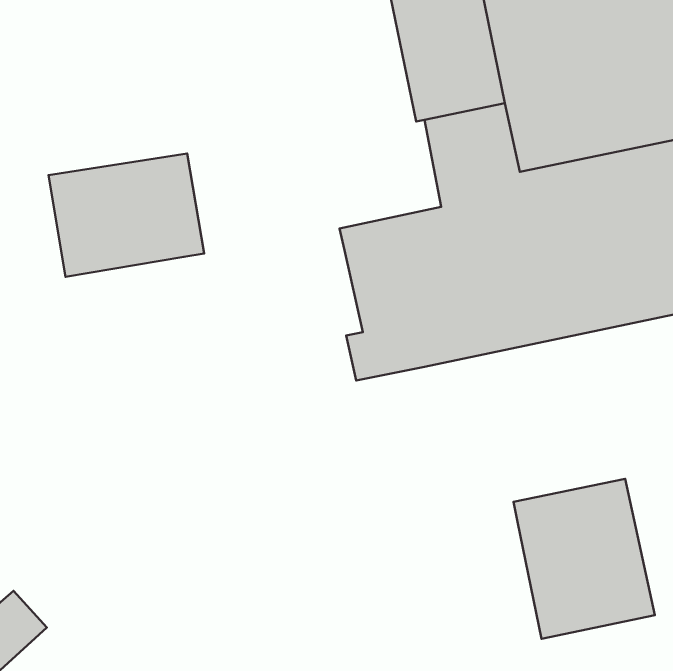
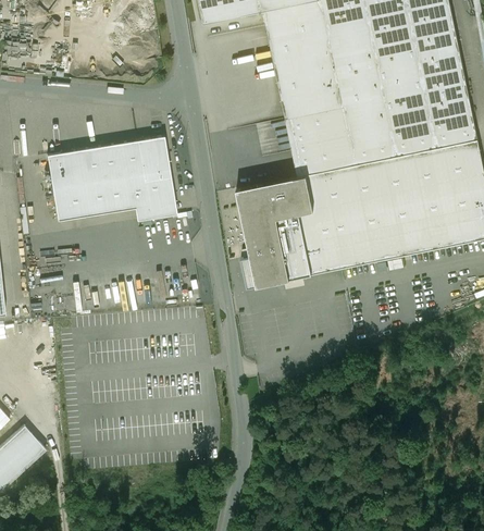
building: none -> [135,136,176,221]
building: [513,479,655,639] -> none

